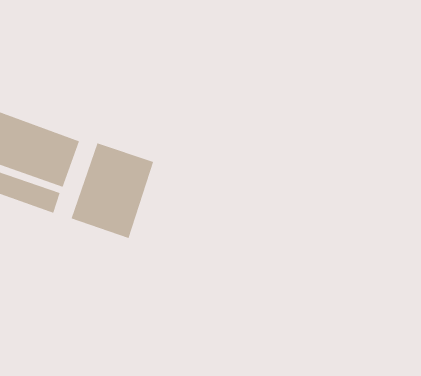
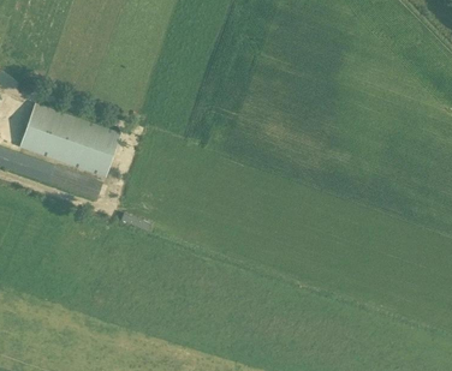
building: [71,143,154,239] -> none

